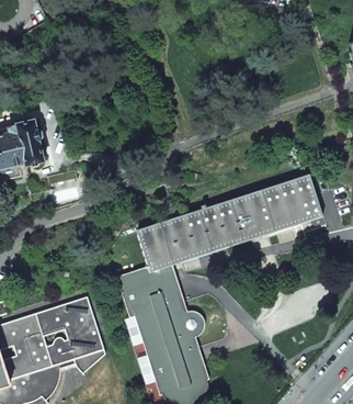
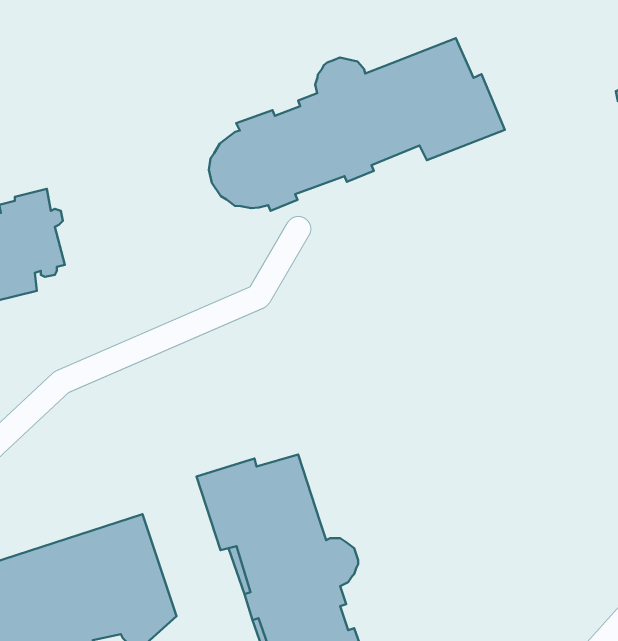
building: none -> [209,38,505,211]
building: [137,176,322,271] -> none

